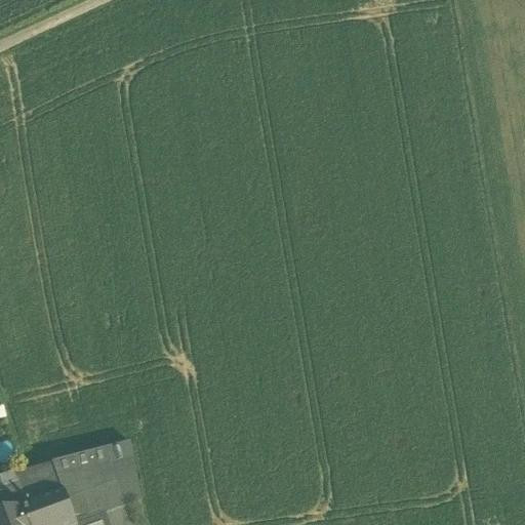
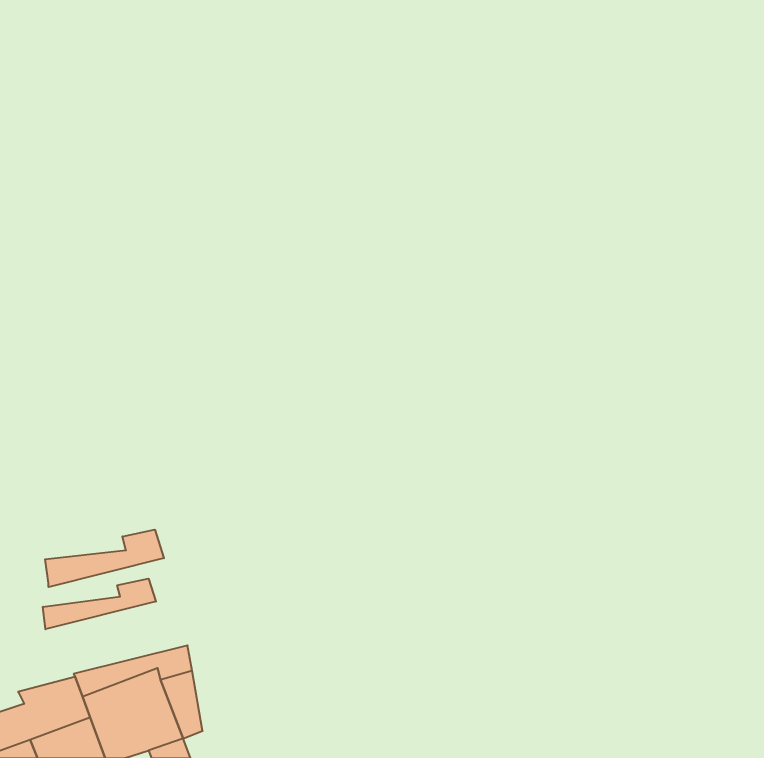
building: none -> [45,530,164,587]
building: none -> [43,579,156,629]

